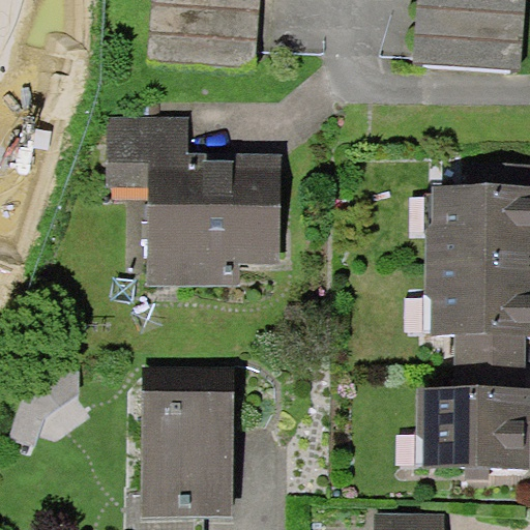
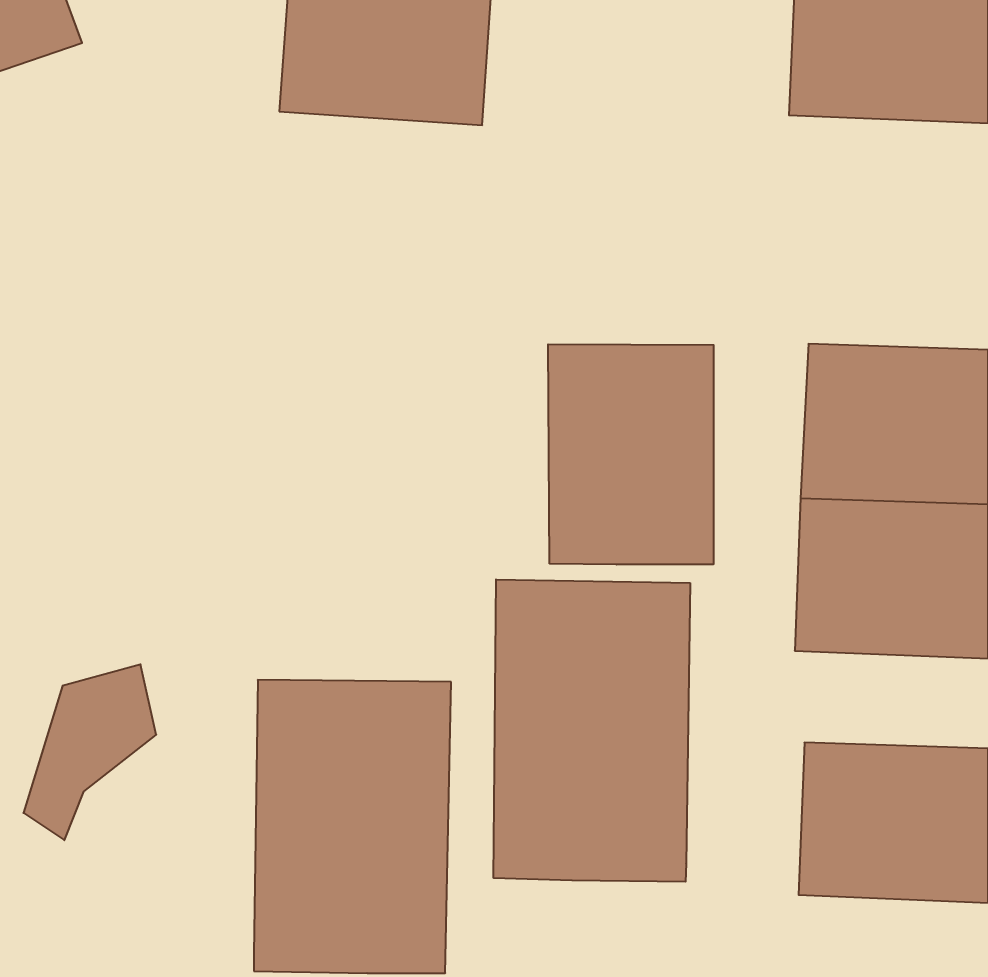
building: [110,115,282,282] -> none
building: none -> [548,344,714,565]
building: none -> [494,579,690,882]

